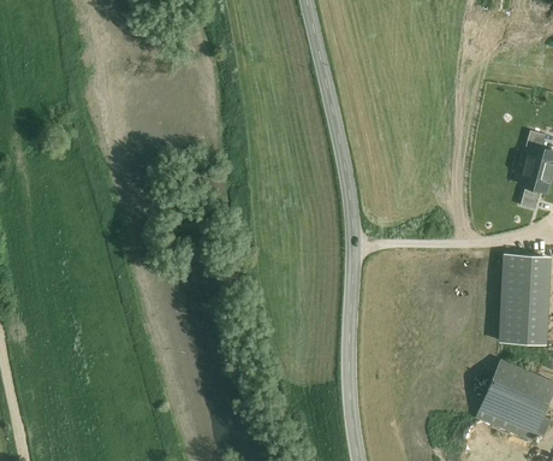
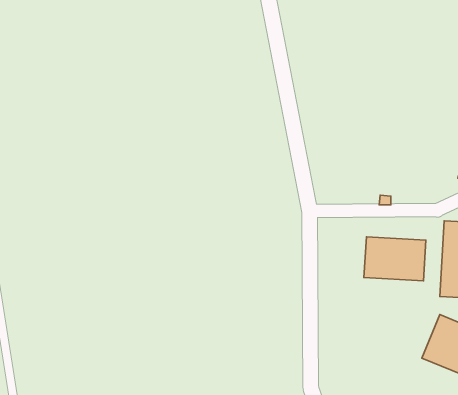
building: none -> [364,237,426,281]

